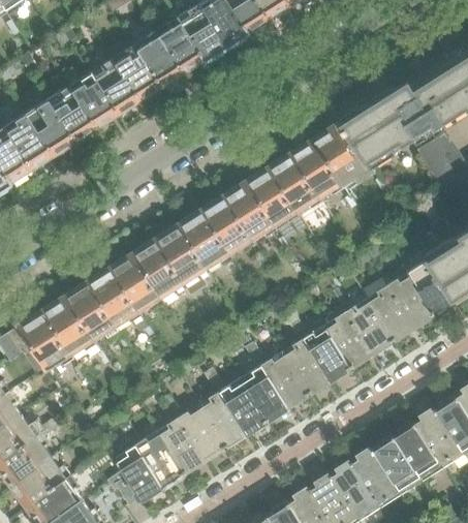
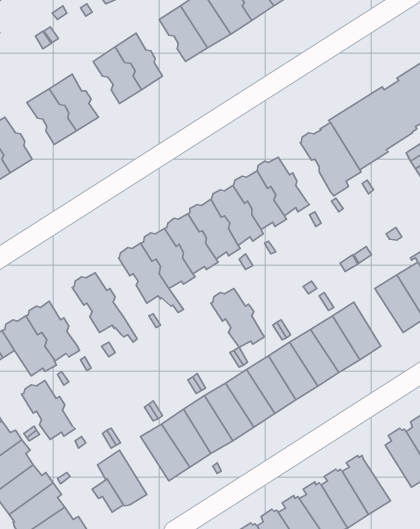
building: [153,20,201,75] -> none
building: [90,61,136,116] -> none
building: [24,101,72,157] -> none
building: [292,141,344,198] -> none
building: [113,254,165,312] -> [211,288,264,347]
building: [67,283,120,341] -> [22,381,75,439]
building: [367,284,415,341] -> none
building: [136,430,185,487] -> none
building: [376,435,424,493] -> none

